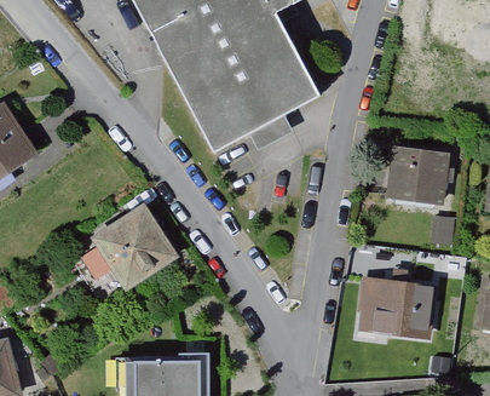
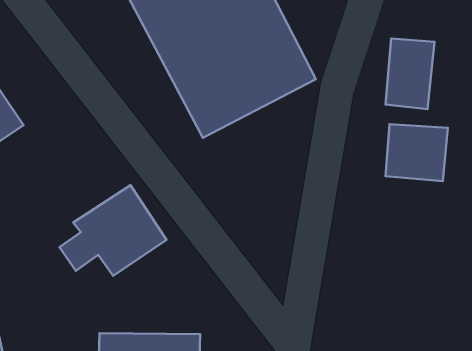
building: none -> [385,39,434,109]
building: [357,274,437,338] -> none

